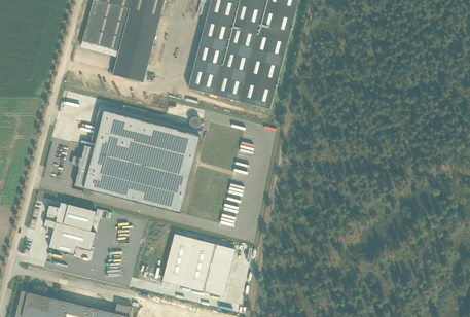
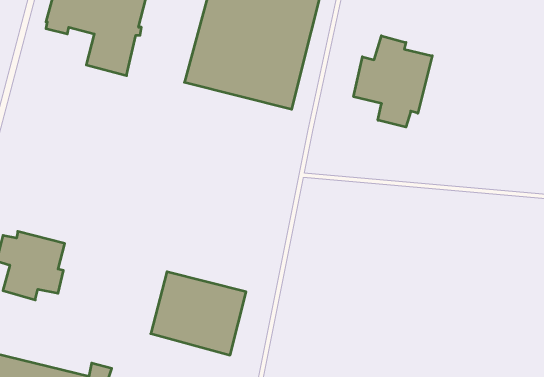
building: none -> [354,36,432,127]
building: [71,104,202,212] -> none

